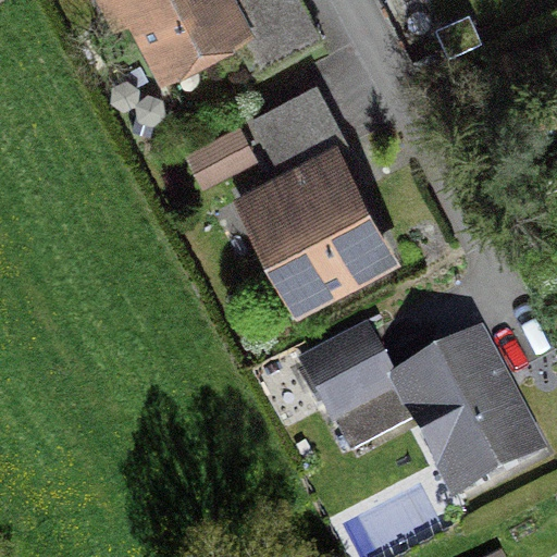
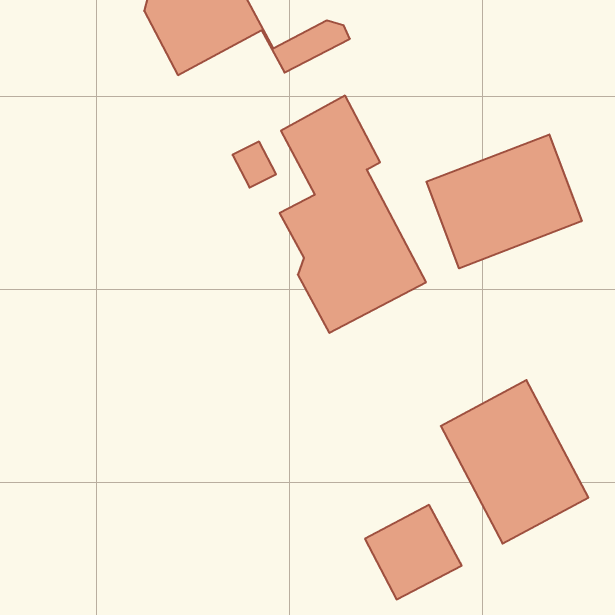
building: none -> [426,134,582,268]
building: [306,334,393,419] -> [365,505,462,599]

